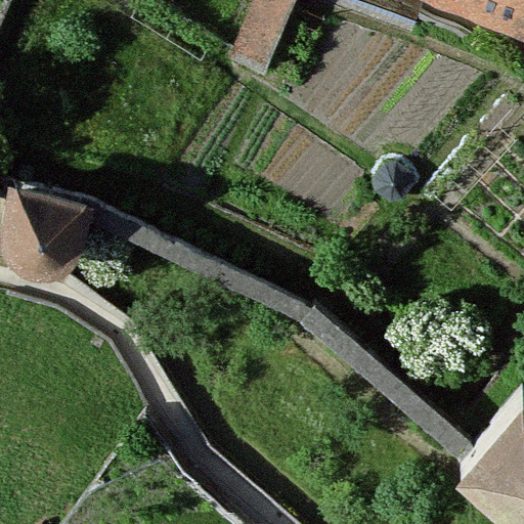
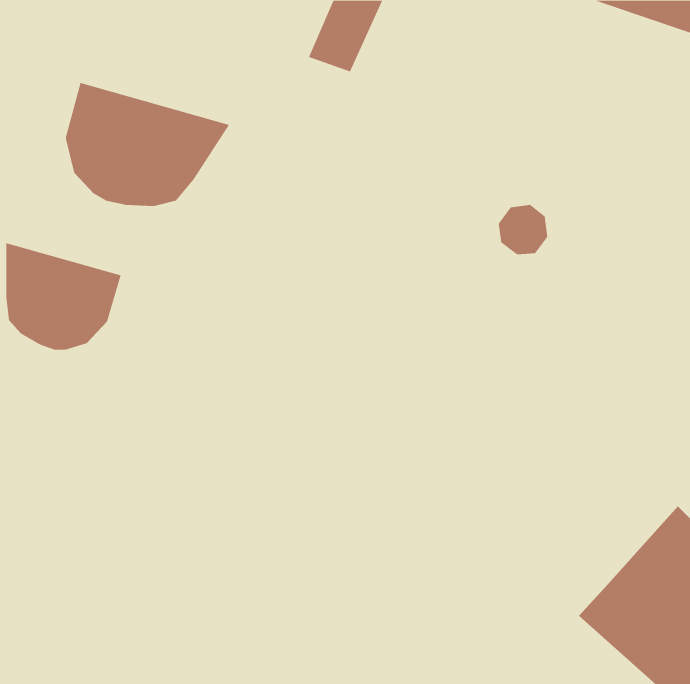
building: none -> [65,82,230,207]

